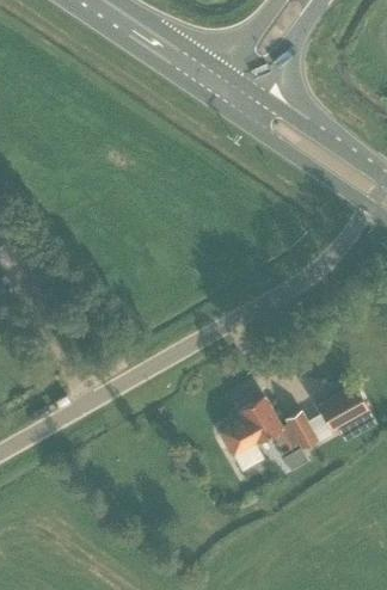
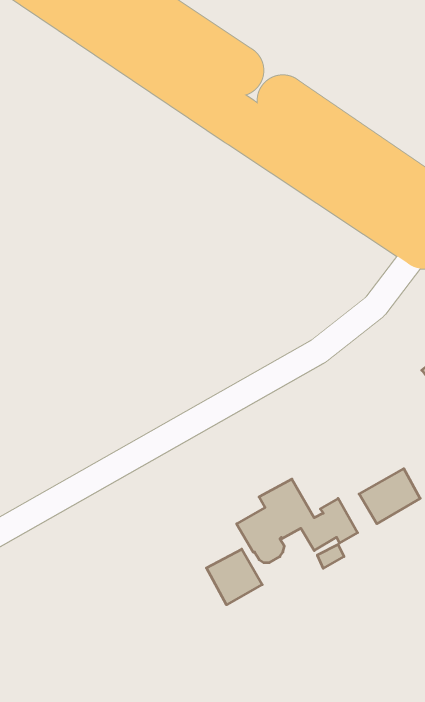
building: none -> [206,549,262,605]

